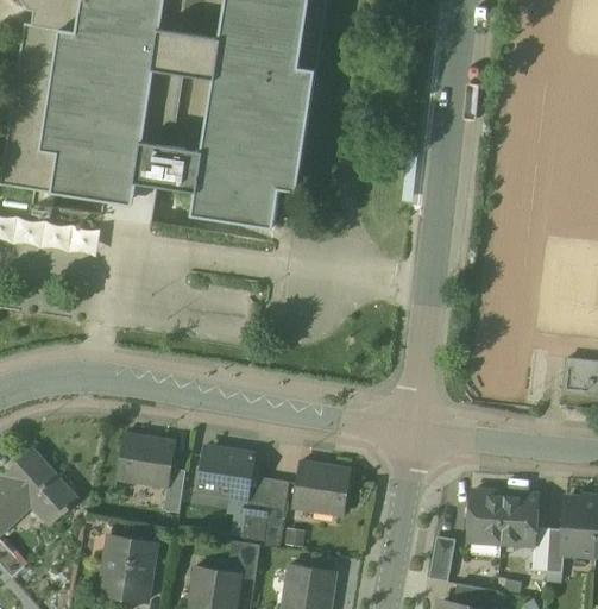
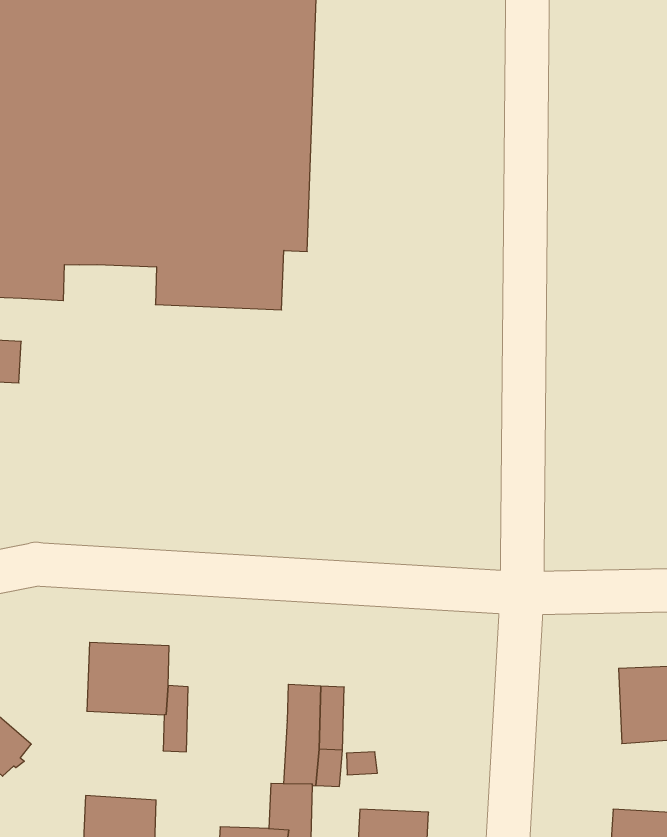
building: [196,446,254,500] -> none
building: [291,462,350,514] -> none
building: [428,535,454,580] -> none

